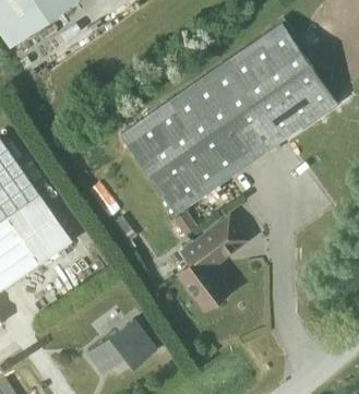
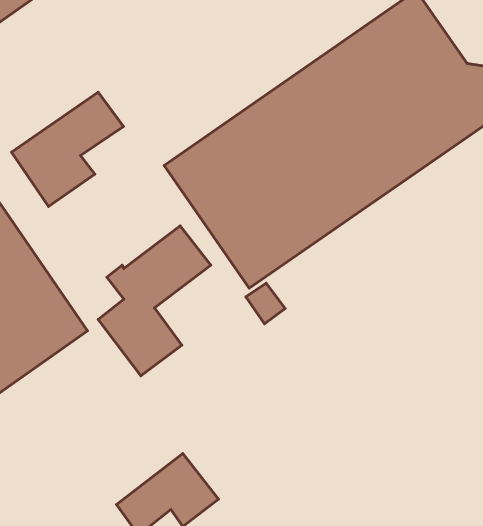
building: none -> [11,92,124,207]
building: [177,215,249,311] -> [98,226,211,376]

